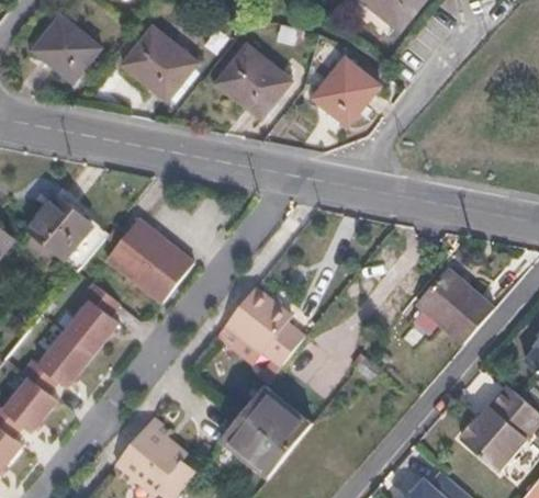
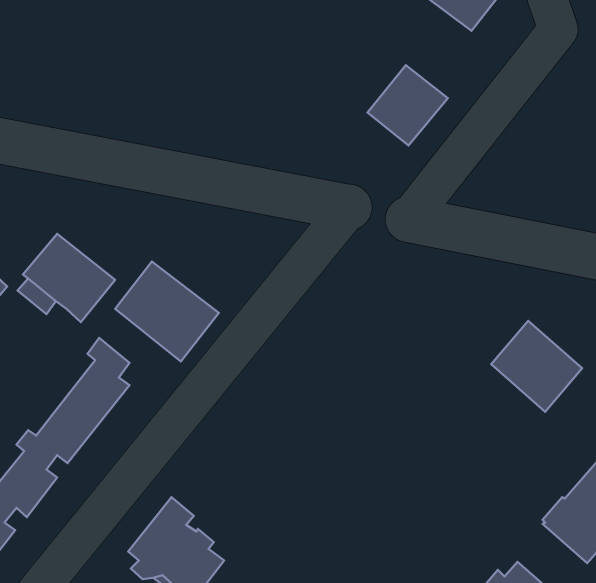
building: [33,15,101,81] -> none
building: [123,27,198,100] -> none
building: [217,45,292,117] -> none
building: [225,291,302,367] -> none
building: [222,387,311,475] -> none

